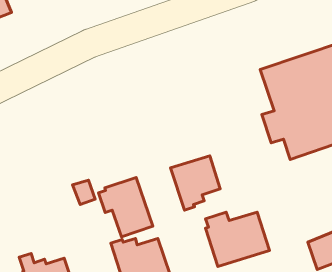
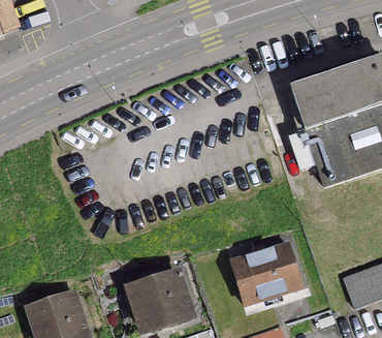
building: [170,156,220,210] -> none
building: [99,177,153,237] -> none

